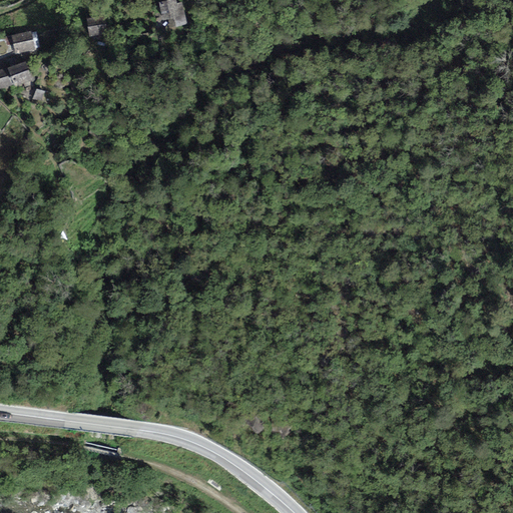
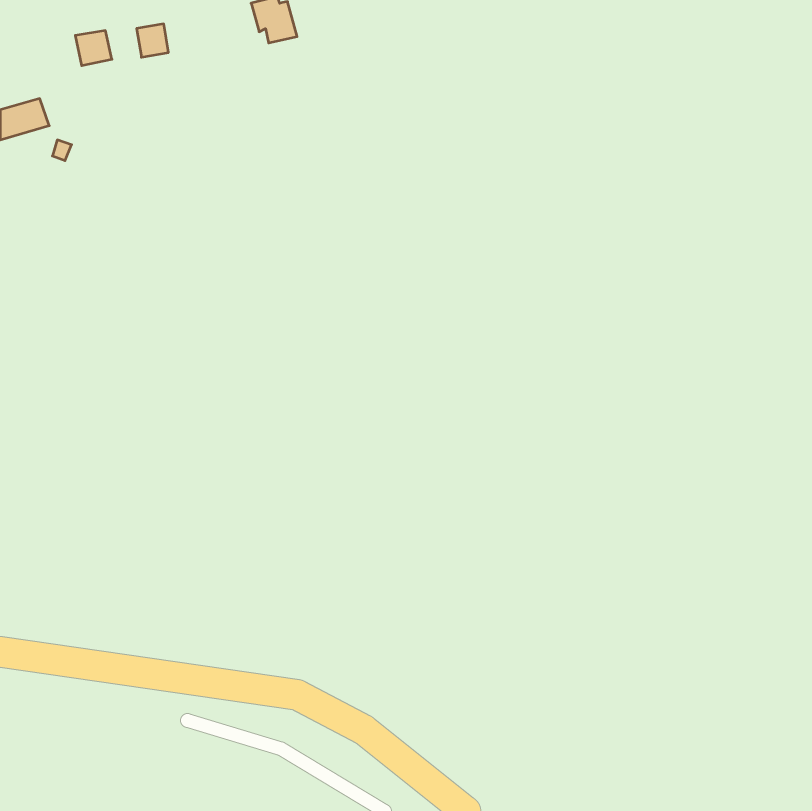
building: [12,31,35,53] -> [75,31,112,66]

